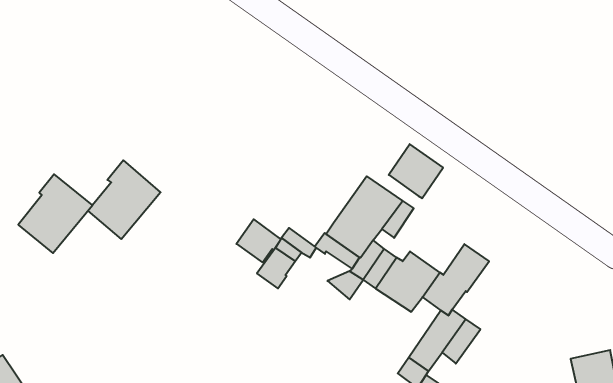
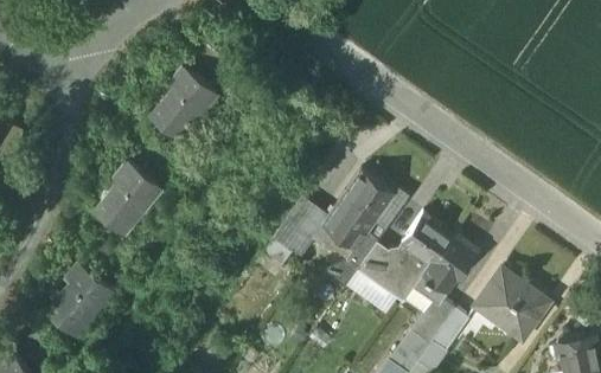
building: none -> [148,64,218,140]
building: [389,144,443,198] -> [402,214,454,266]
building: [18,174,92,253] -> [44,259,115,335]
building: [236,219,281,262] -> [286,198,328,239]
building: none -> [478,271,549,340]

